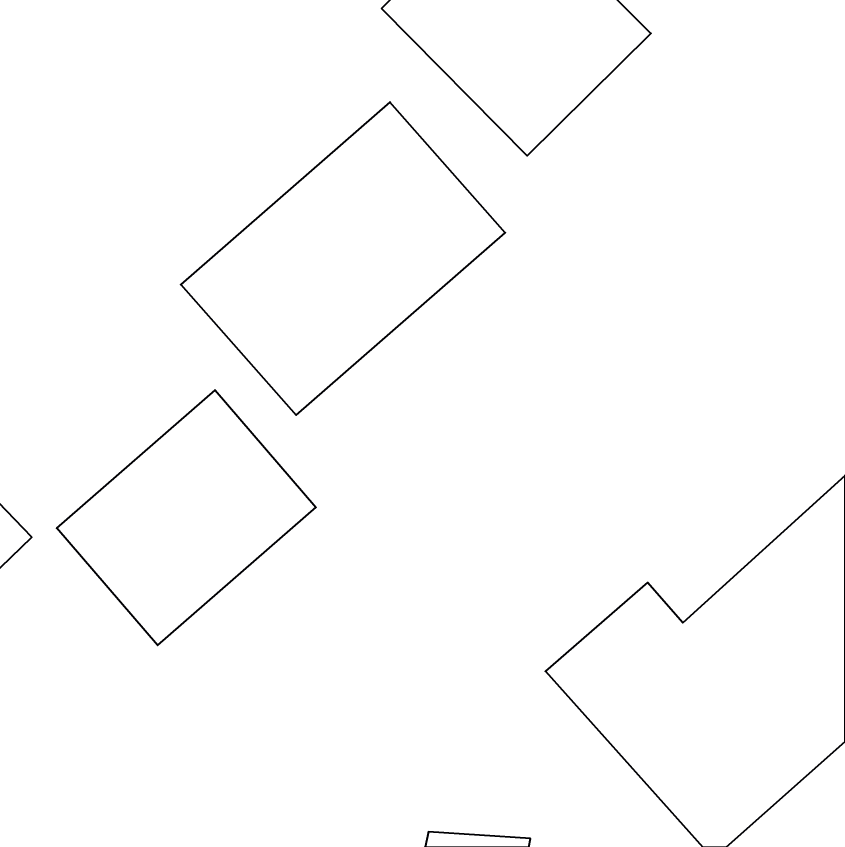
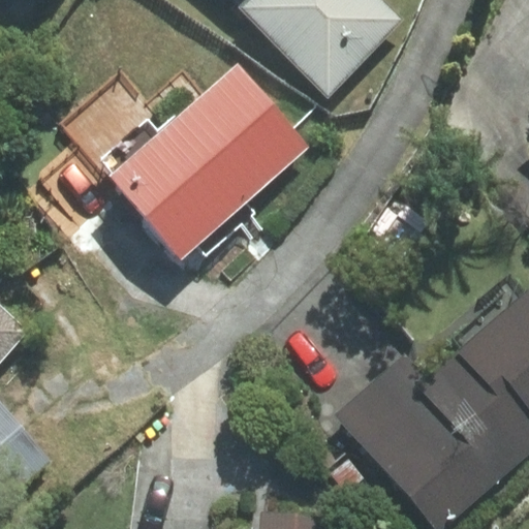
building: [57,390,316,645] -> none

